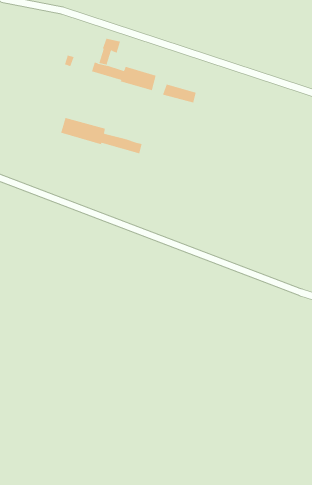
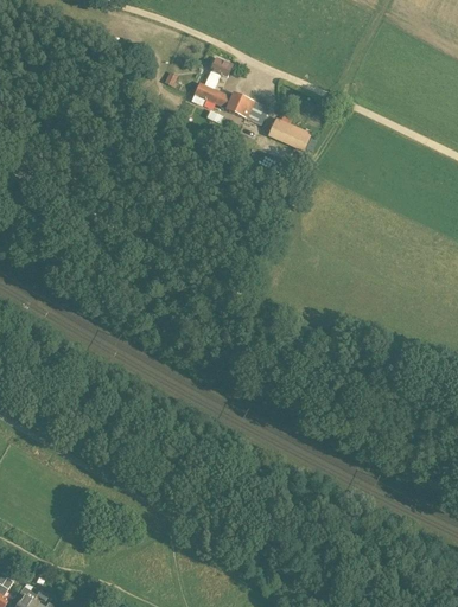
building: [60,117,142,154] -> none

